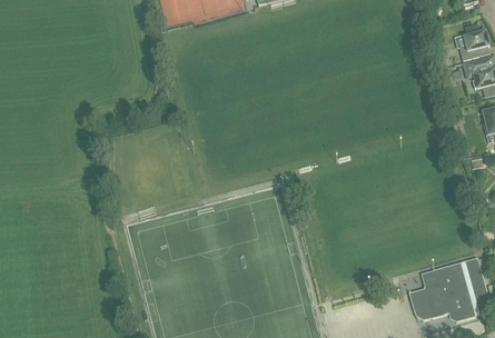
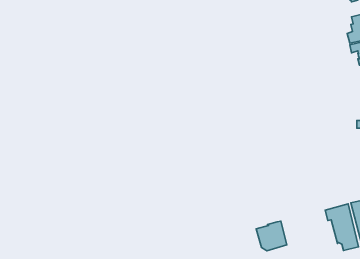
building: [408,282,447,320] -> [256,221,287,251]

